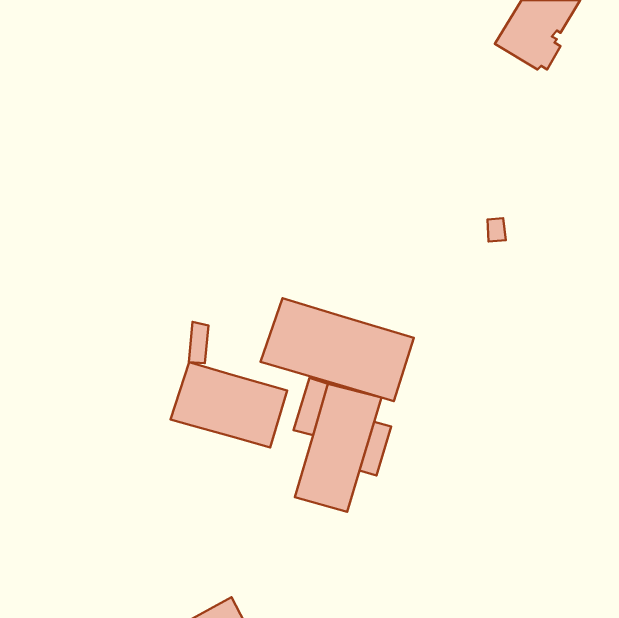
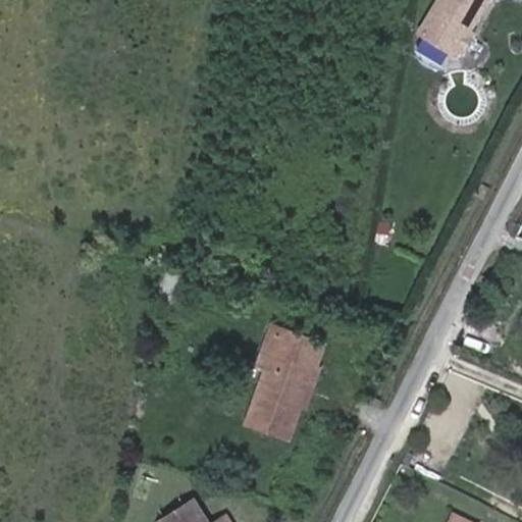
building: [261,298,414,401] -> none
building: [170,362,287,448] -> none

